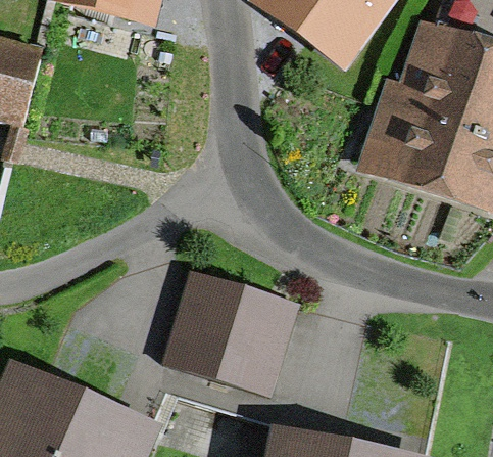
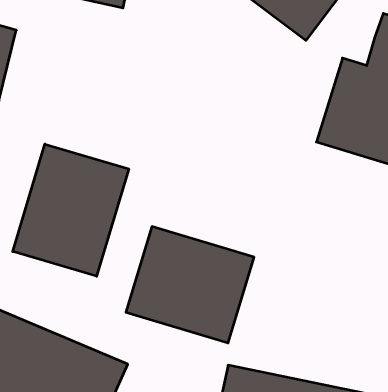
building: none -> [13,144,129,276]

